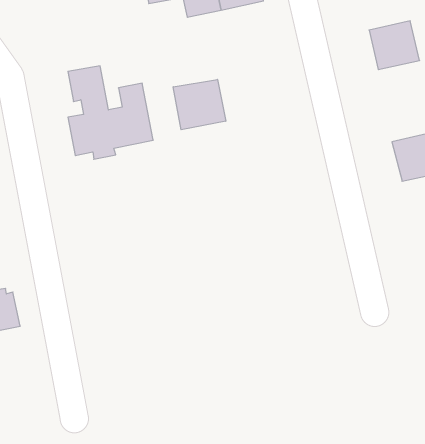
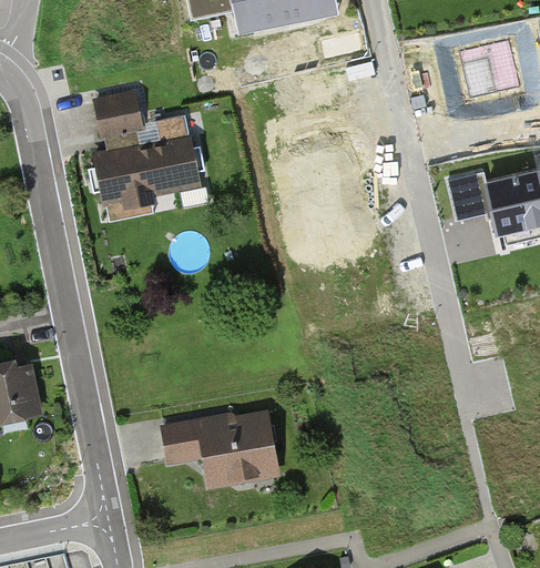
building: [173,79,226,130] -> none
building: none -> [447,174,486,217]
building: none -> [163,409,284,496]

